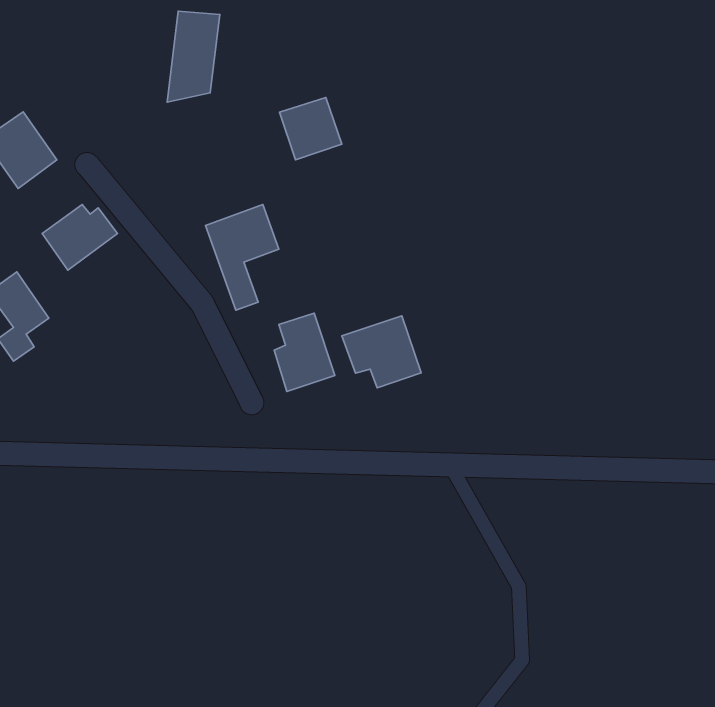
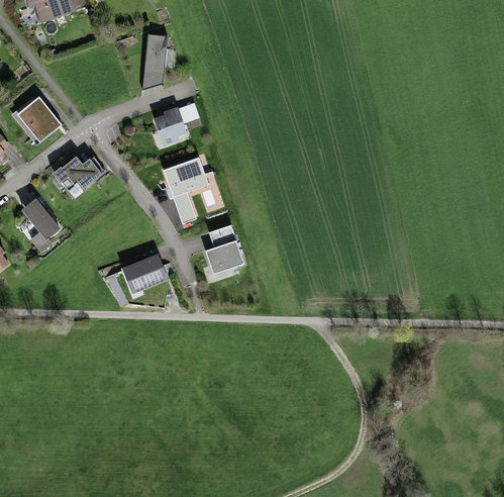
building: [279,98,342,160] -> [153,109,192,148]
building: [342,316,421,388] -> none
building: none -> [120,254,166,293]

